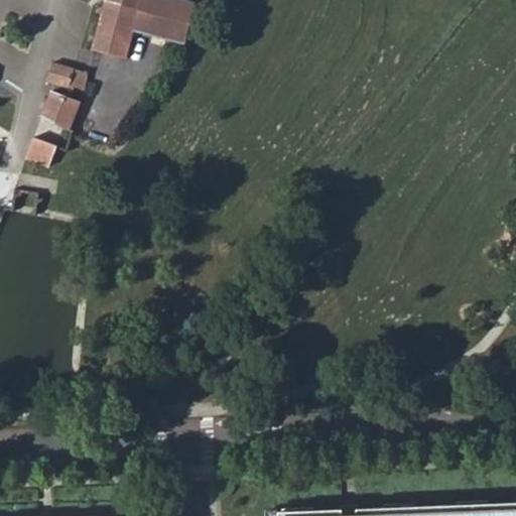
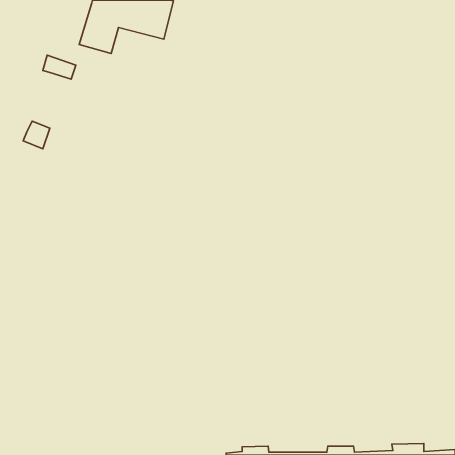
building: [41,89,82,130] -> none

